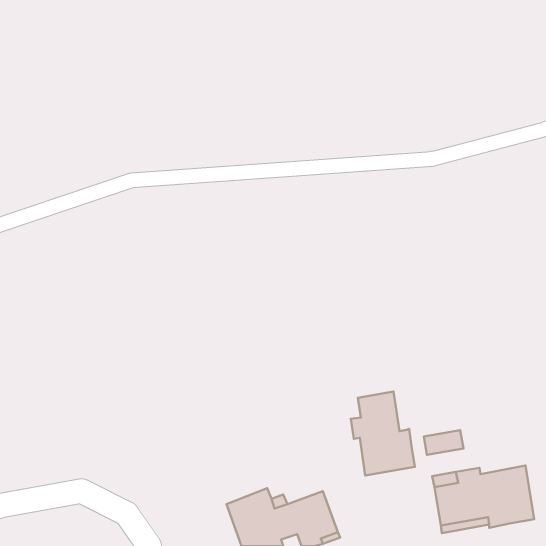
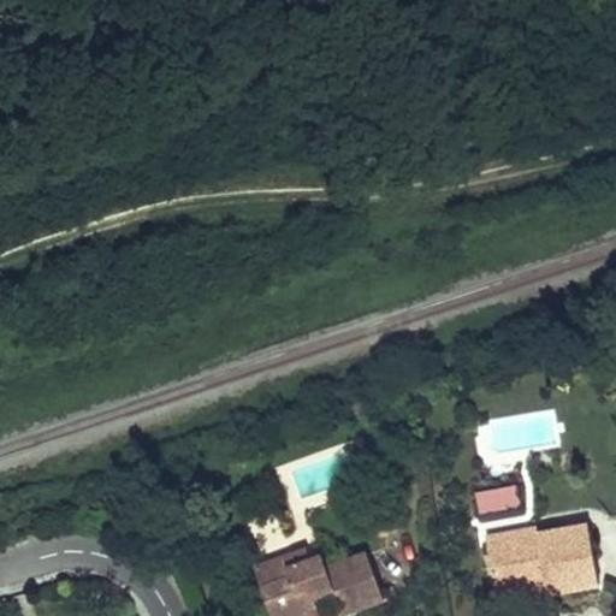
building: [351,392,415,476] -> none

